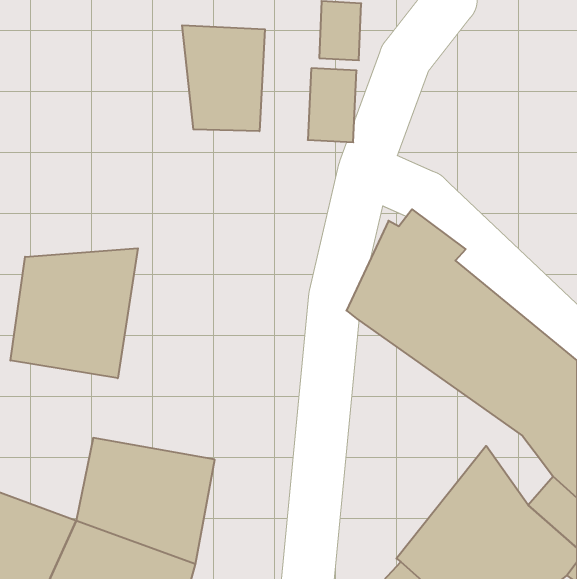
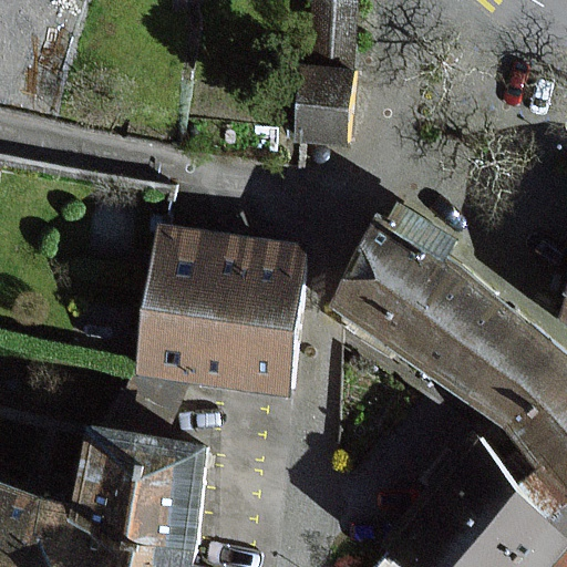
building: [182,25,265,131] -> none
building: none -> [142,228,303,392]
building: [10,248,138,378] -> none

